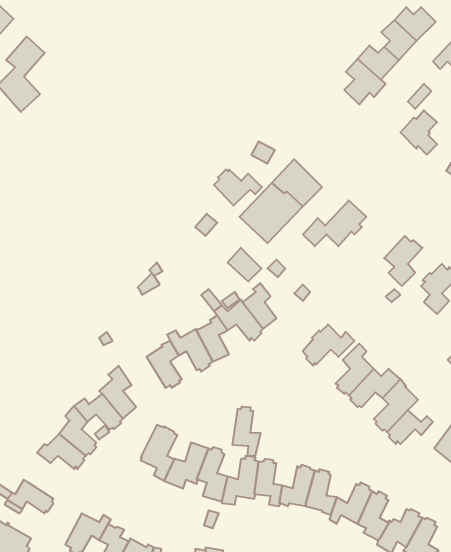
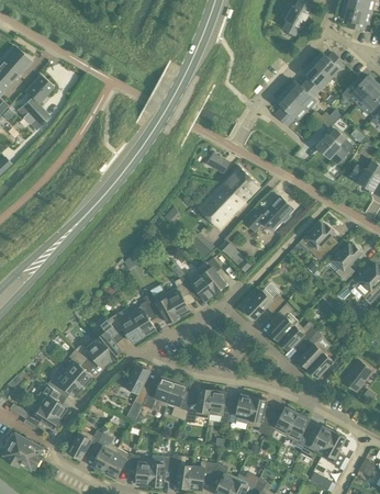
building: [214,169,262,206] -> none
building: none -> [108,307,143,343]
building: [233,406,260,456] -> none
building: none -> [37,383,67,418]

